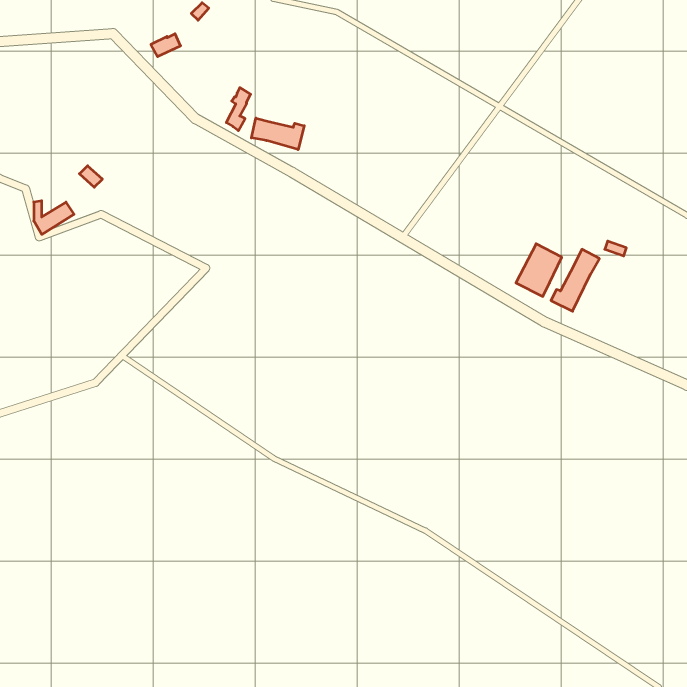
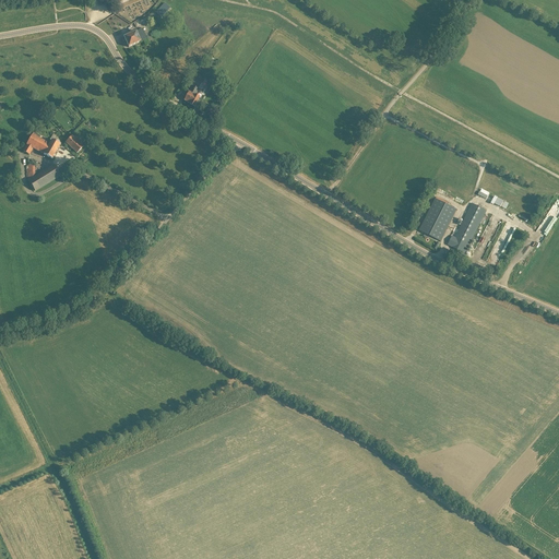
building: [251,118,304,150] -> none
building: none -> [22,132,59,158]

